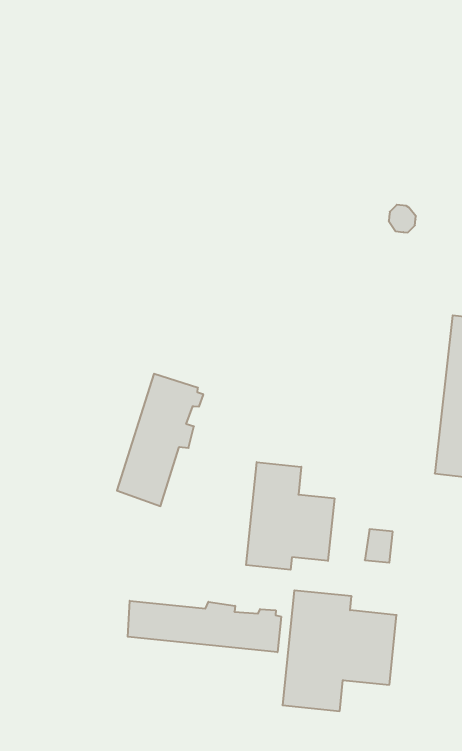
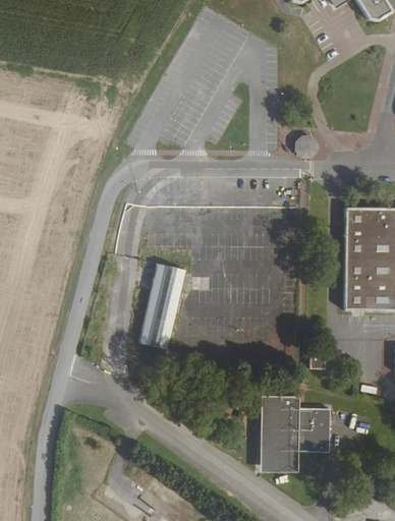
building: [246,462,334,570] -> none
building: [128,601,281,652] -> none

